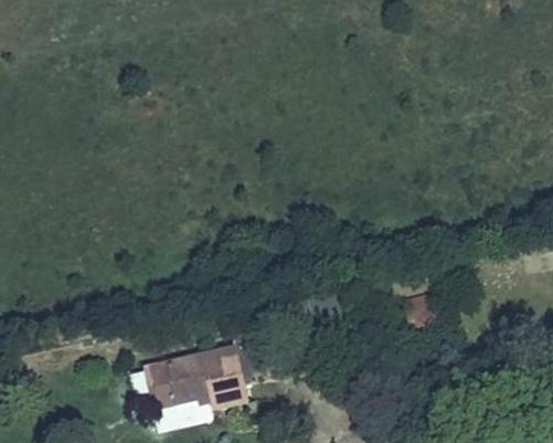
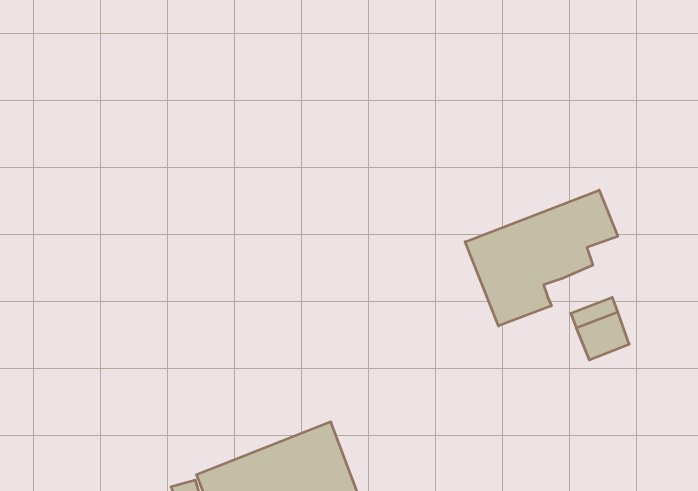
building: none -> [465,190,618,326]

